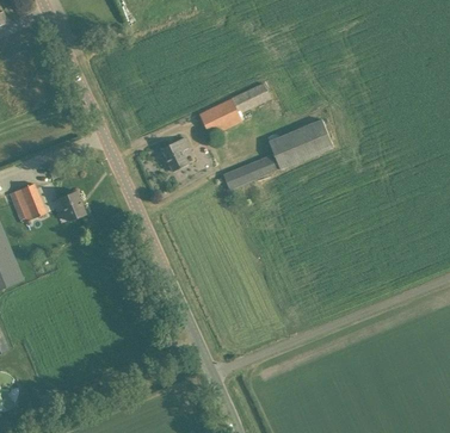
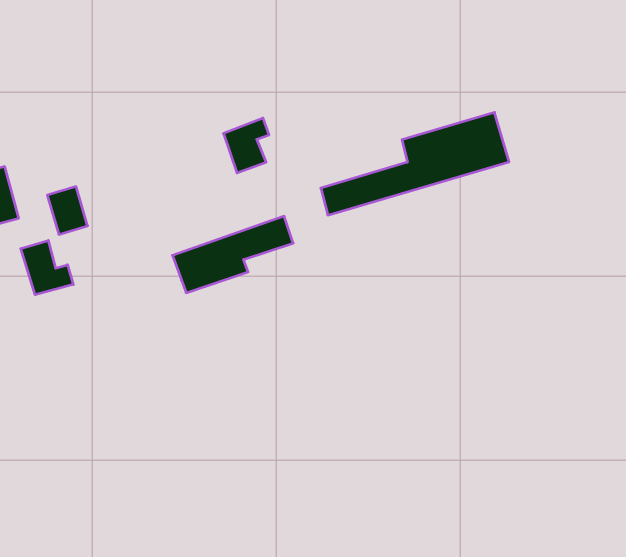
building: [198,82,270,135] -> [172,216,293,293]
building: none -> [21,240,73,295]

